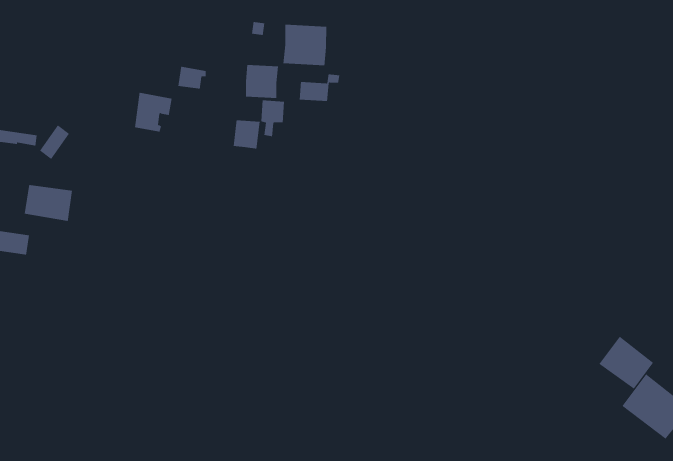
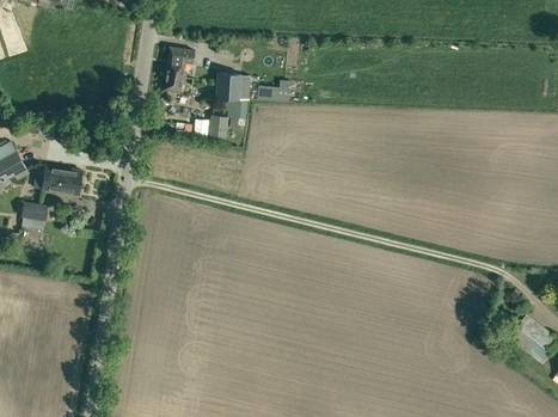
building: [283,24,327,66] -> none
building: [134,92,173,132] -> [165,47,195,78]
building: [598,336,654,390] -> none

